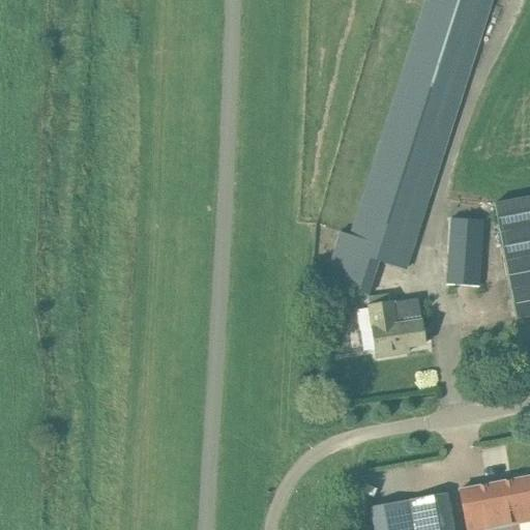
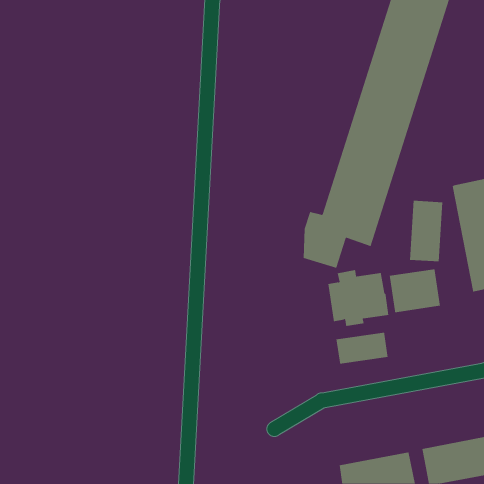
building: none -> [389,268,441,313]
building: none -> [336,332,388,365]

